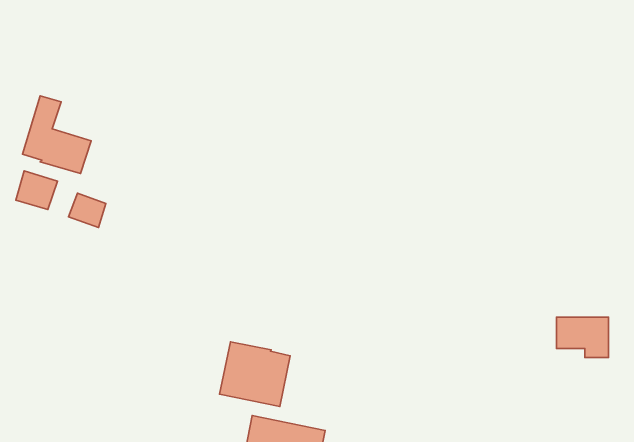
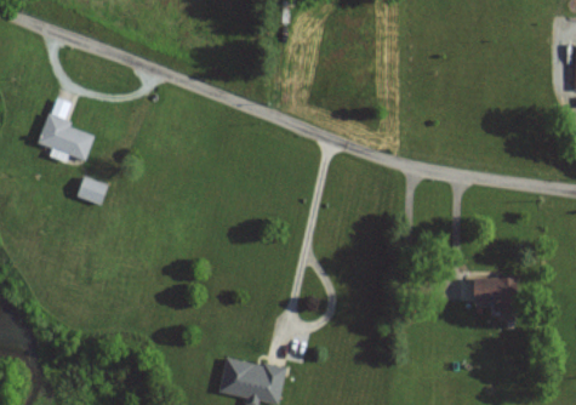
building: [16,171,58,210] -> none
building: [219,342,290,406] -> none

